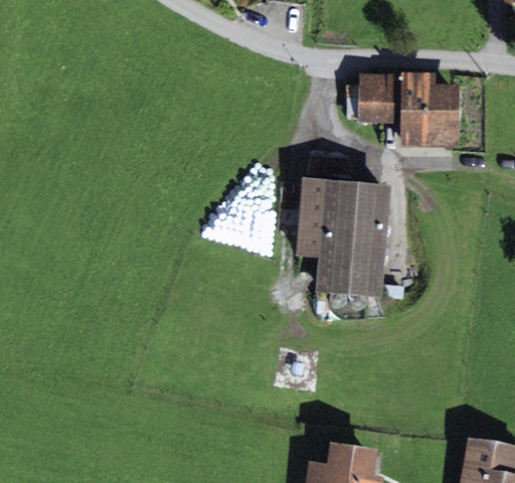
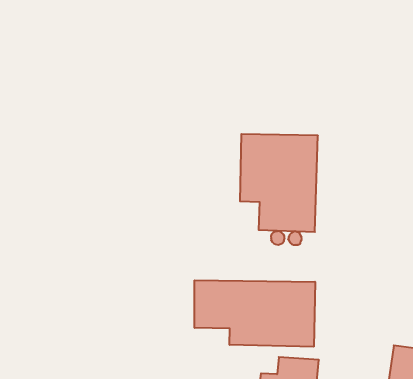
building: [346,71,459,146] -> none
building: none -> [195,280,315,347]

